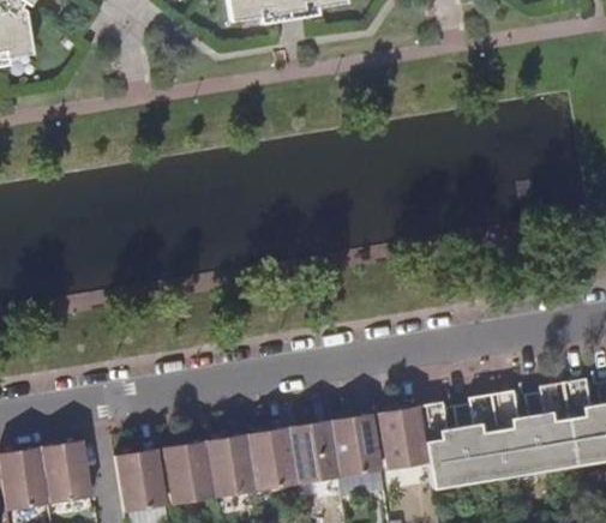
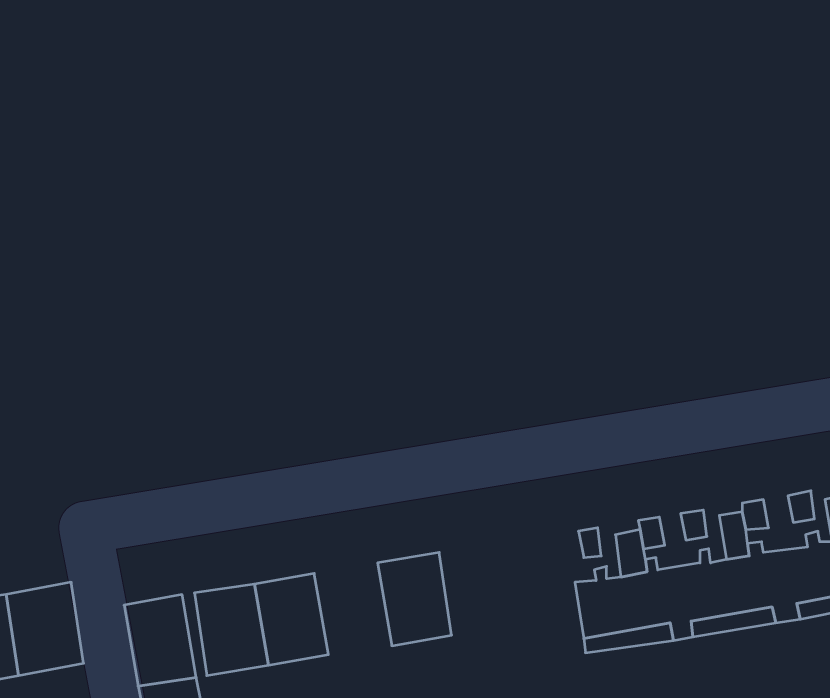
building: [382,405,430,468] -> none
building: [334,413,383,475] -> none
building: [248,426,301,488] -> none

